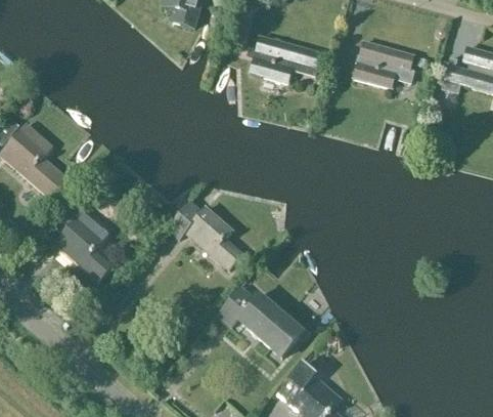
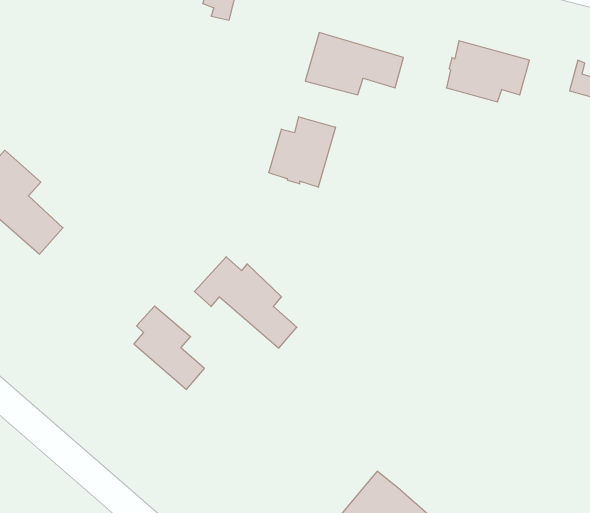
building: none -> [269,117,335,187]
building: [59,218,111,280] -> [134,306,204,389]
building: [217,286,302,356] -> none

